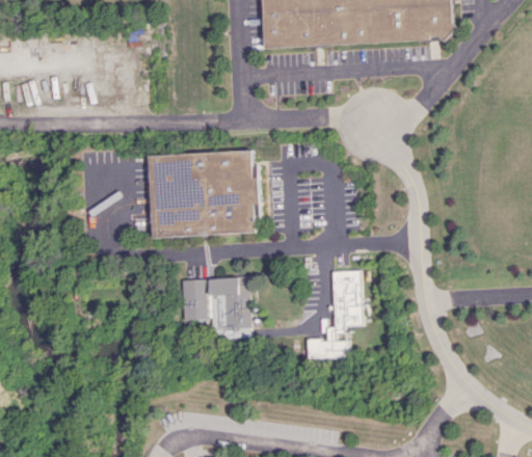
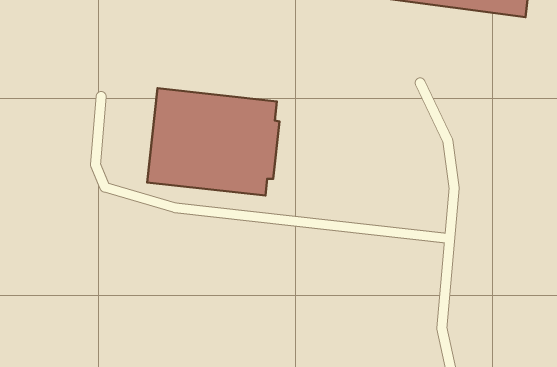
building: [307,271,362,359] -> none
building: [182,277,255,339] -> none

